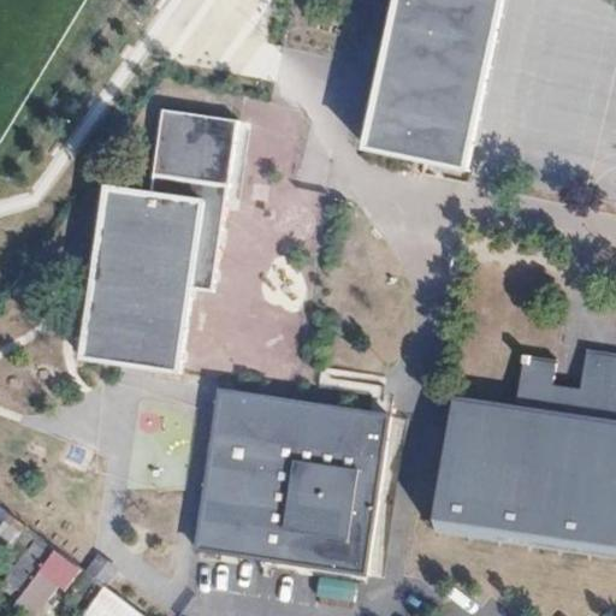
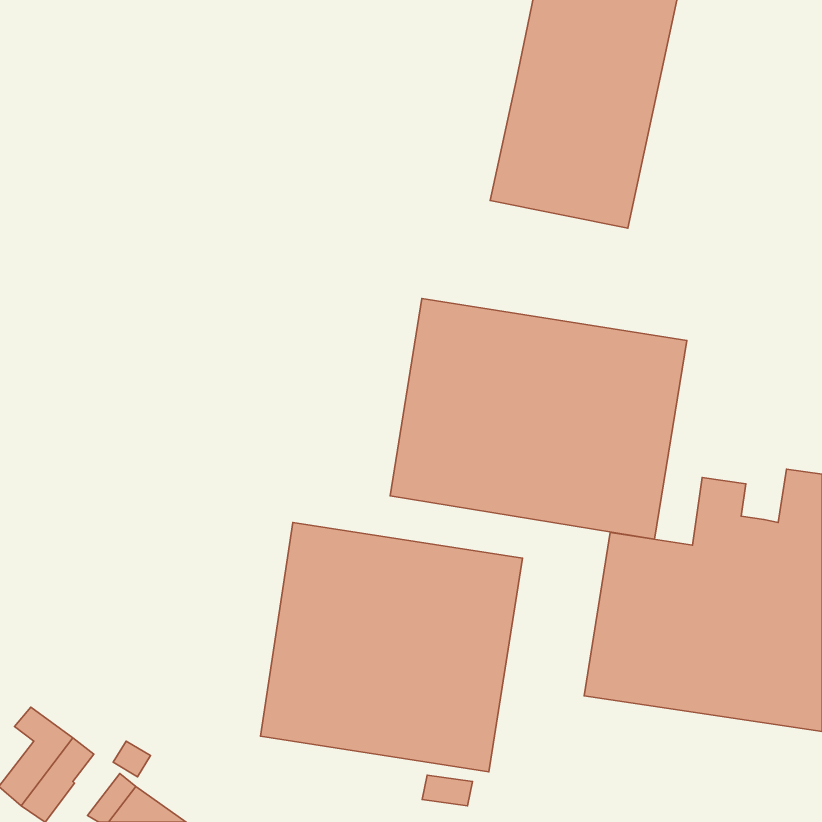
building: [79,106,237,372] -> none
building: none -> [390,298,687,539]

